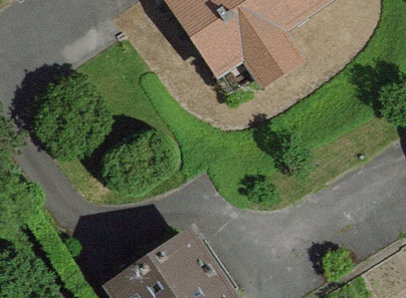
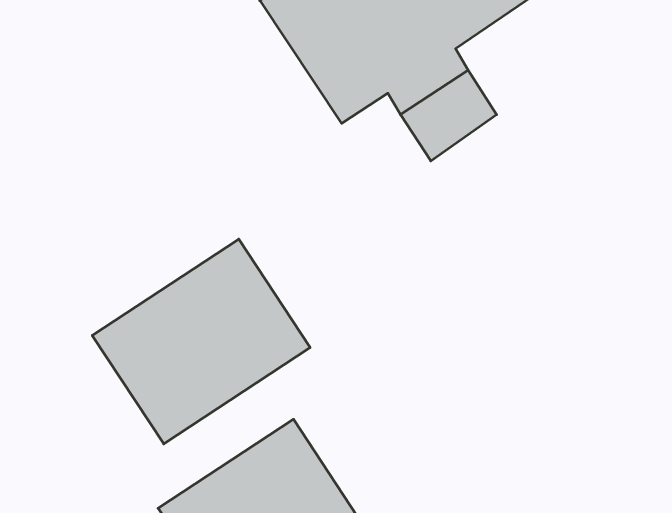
building: none -> [92,239,310,444]

